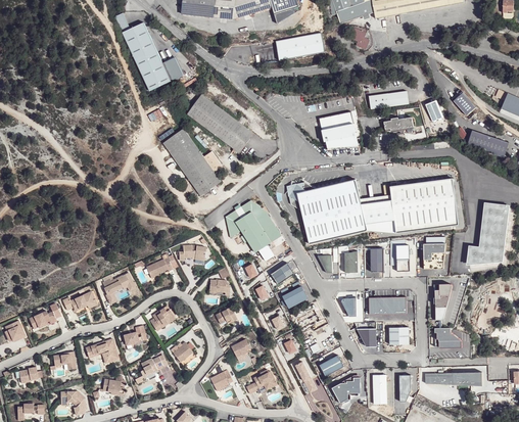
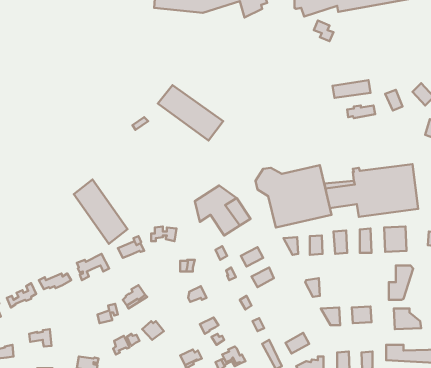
building: [114,13,184,91] -> none
building: [275,33,324,61] -> none
building: [319,110,360,156] -> none
building: [164,129,221,196] -> [74,179,127,244]
building: [368,296,406,314] -> none
building: [84,338,117,362] -> none

